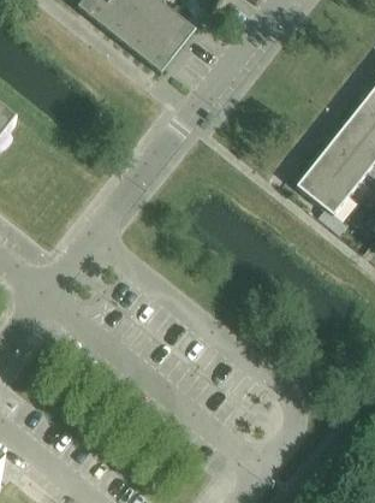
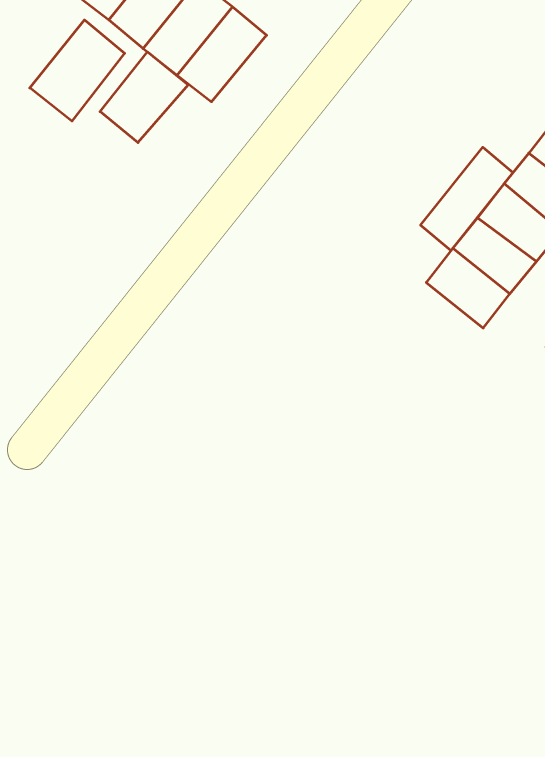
building: none -> [30,20,125,121]
building: none -> [100,52,188,143]
building: none -> [421,147,513,250]

